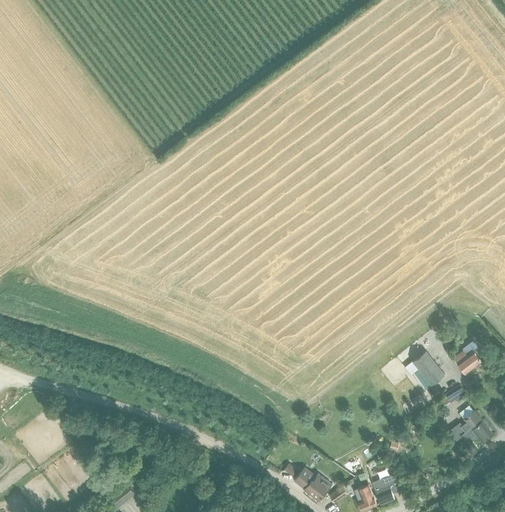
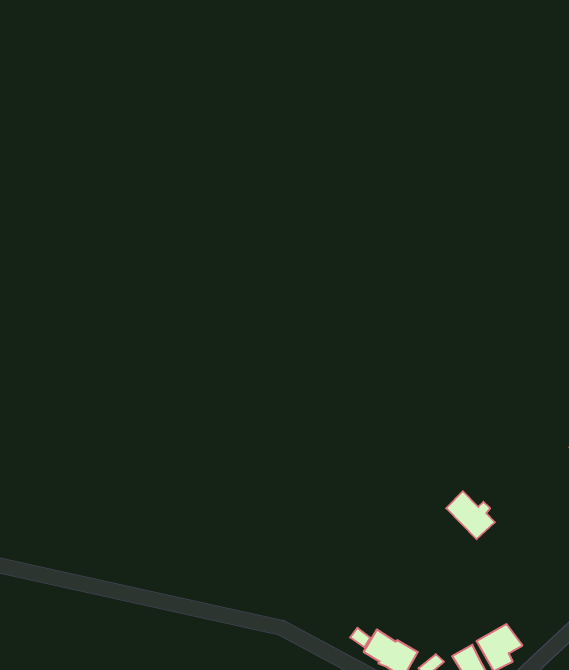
building: [412,352,444,386] -> [446,491,495,539]

